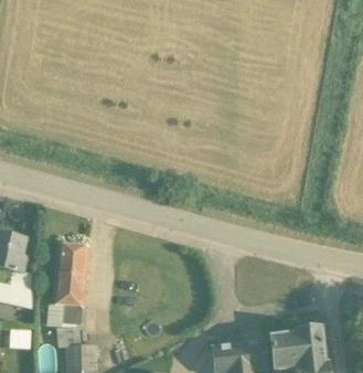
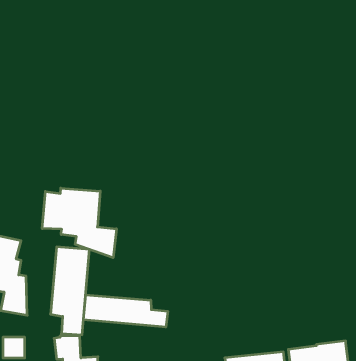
building: none -> [42,188,116,258]
building: none -> [83,295,168,327]

